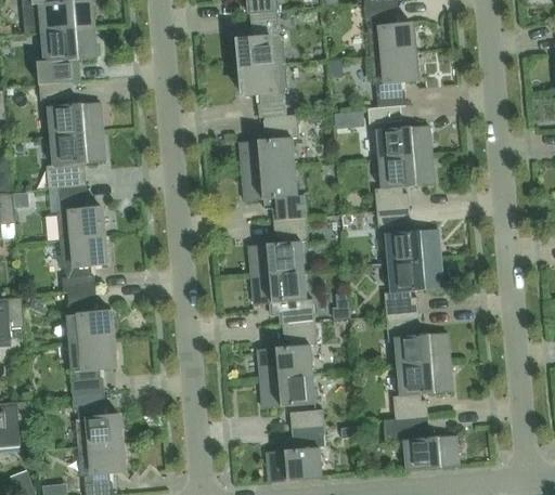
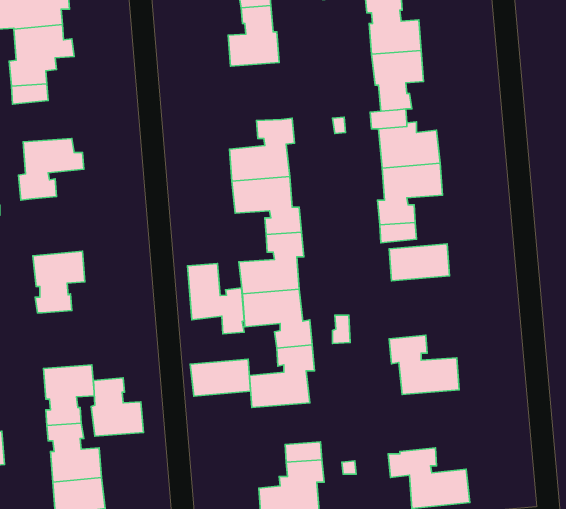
building: [240,63,287,117] -> none
building: [48,102,102,135] -> none
building: [56,185,104,239] -> none
building: none -> [187,264,244,334]
building: [383,258,443,315] -> none
building: [65,289,113,342] -> [91,378,143,436]
building: [392,362,452,418] -> none
building: [259,374,314,407] -> [190,359,251,396]

